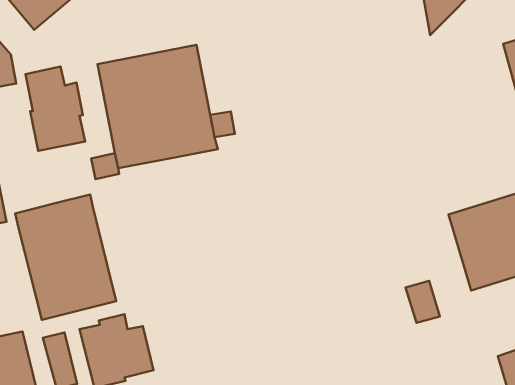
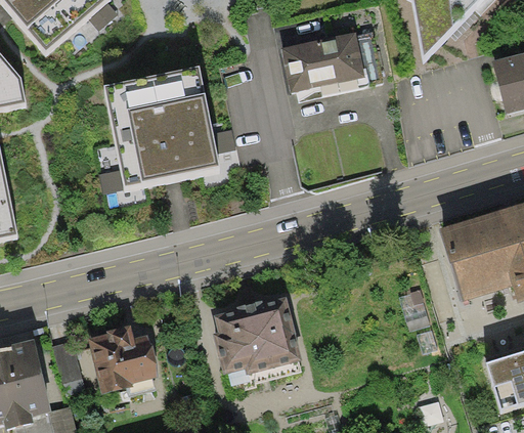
building: none -> [282,33,365,92]
building: [26,67,85,151] -> none
building: [15,195,116,320] -> none
building: none -> [212,297,302,375]

